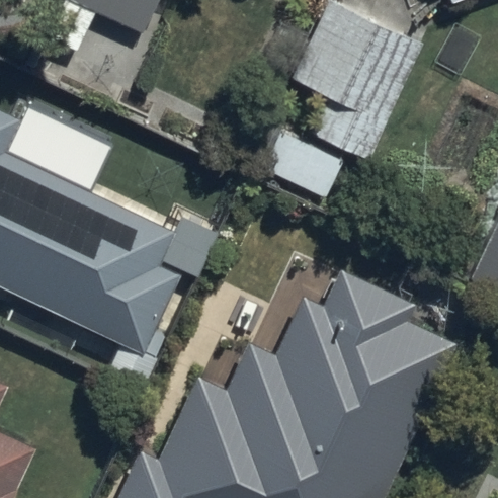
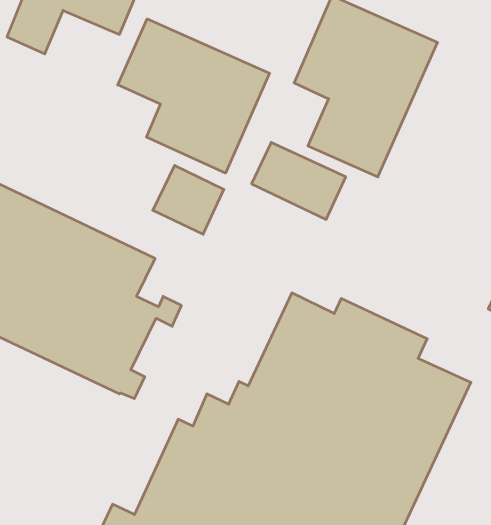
building: none -> [118,19,270,173]

